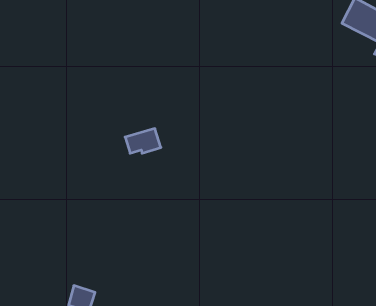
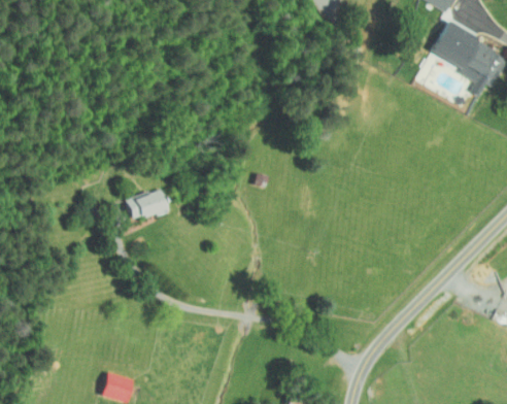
building: [125,129,161,153] -> [126,187,169,216]

